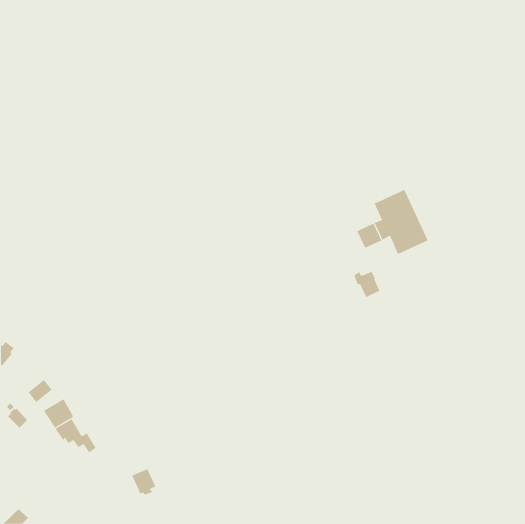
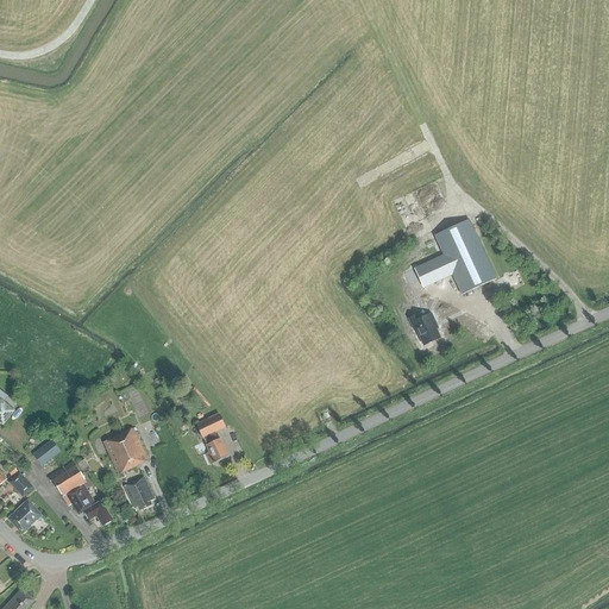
building: none -> [196,413,227,463]
building: none -> [102,427,147,475]
building: none -> [8,498,42,532]
building: [131,468,156,495] -> [125,477,153,508]

